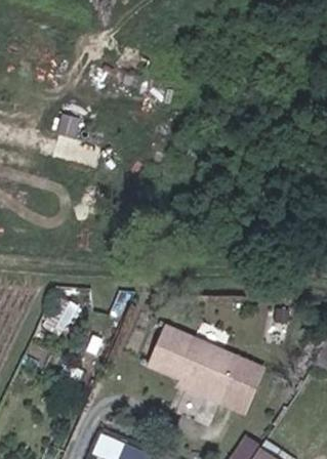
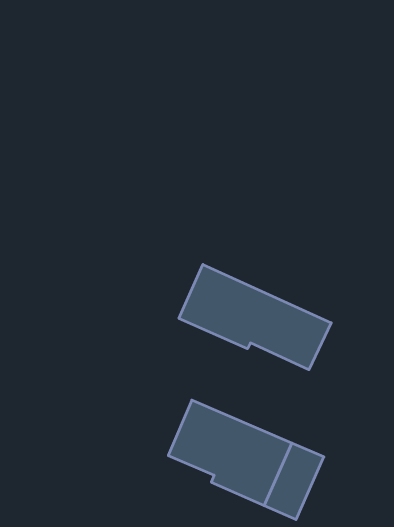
building: none -> [179,264,331,370]

